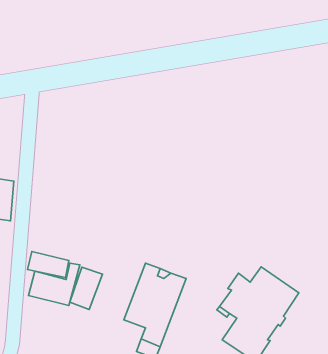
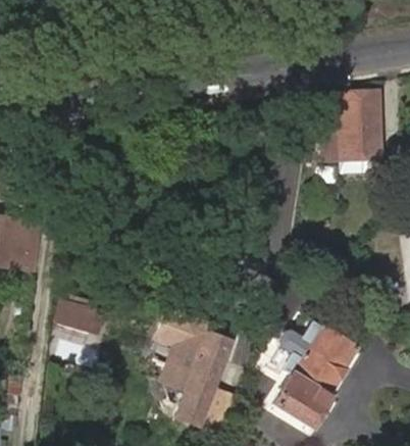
building: none -> [321,92,379,175]
building: [70,267,103,310] -> none

